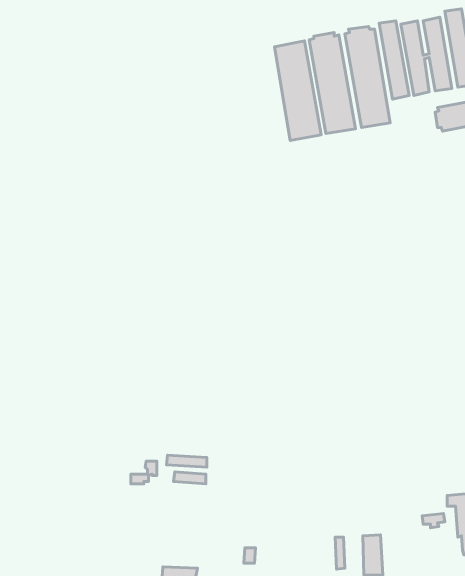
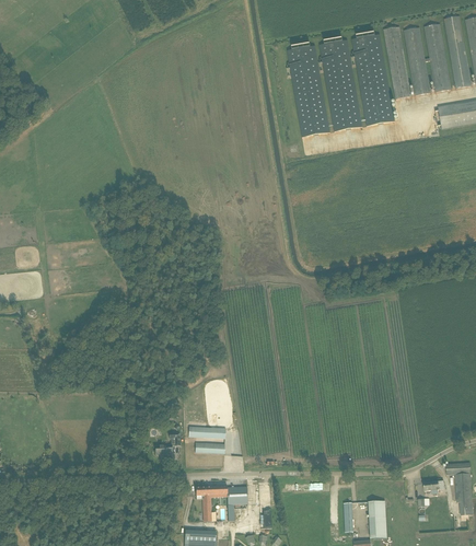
building: none -> [195,486,246,511]

